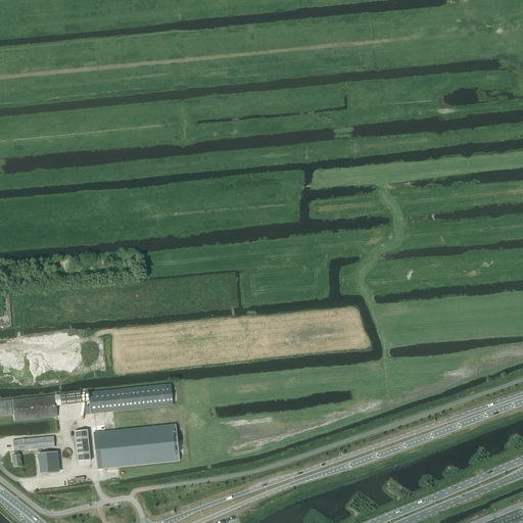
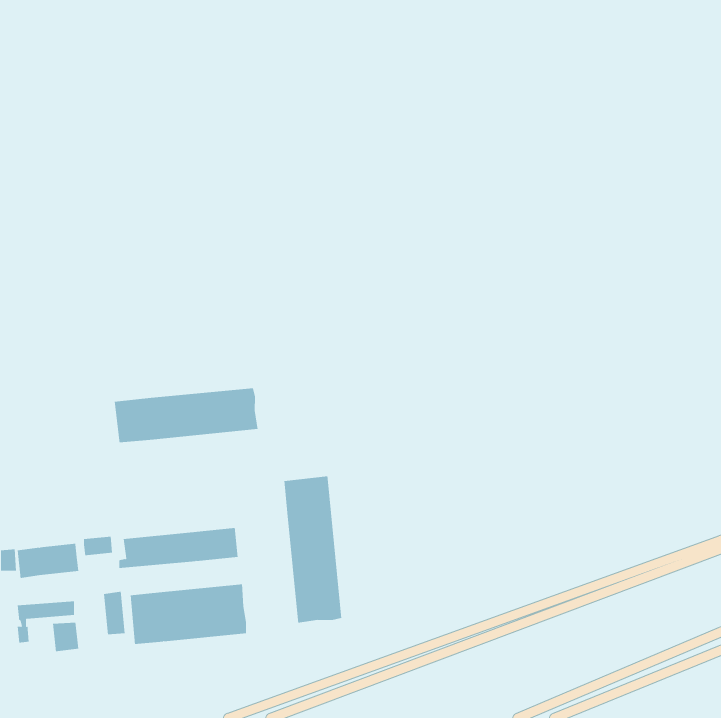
building: none -> [114,387,258,443]
building: none -> [284,475,342,624]

